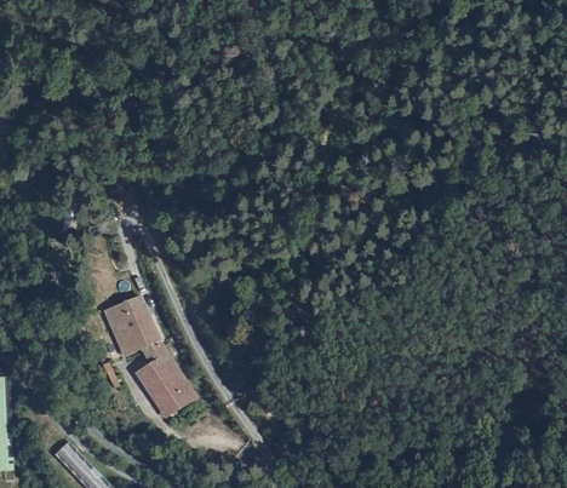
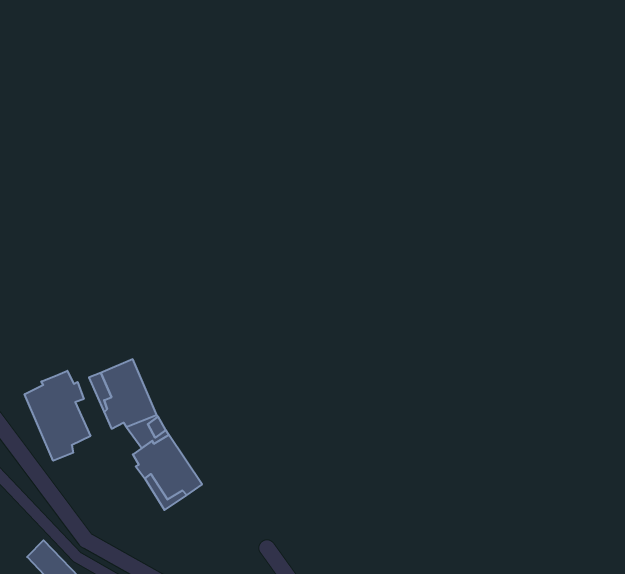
building: none -> [25,371,90,461]

